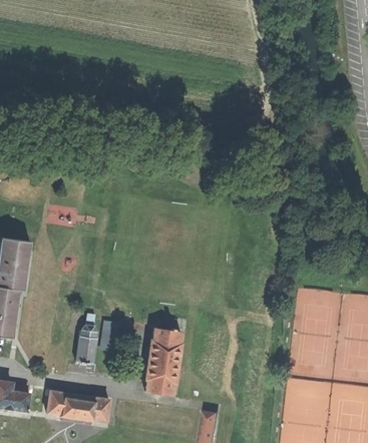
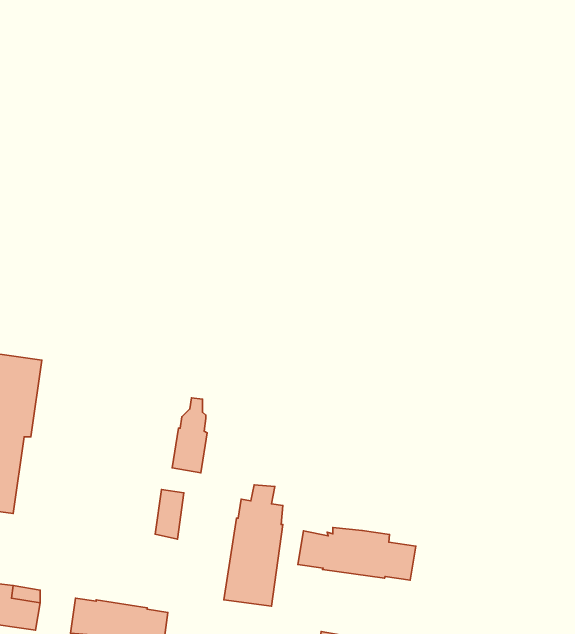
building: [75,318,97,365] -> [172,398,207,473]
building: none -> [298,527,416,580]

